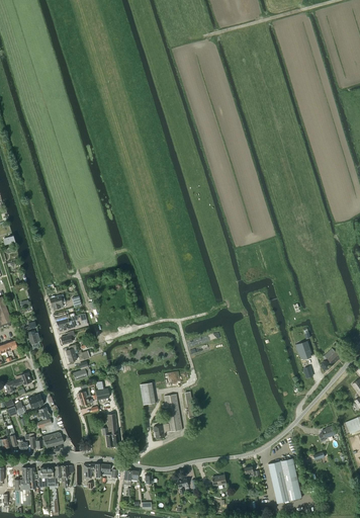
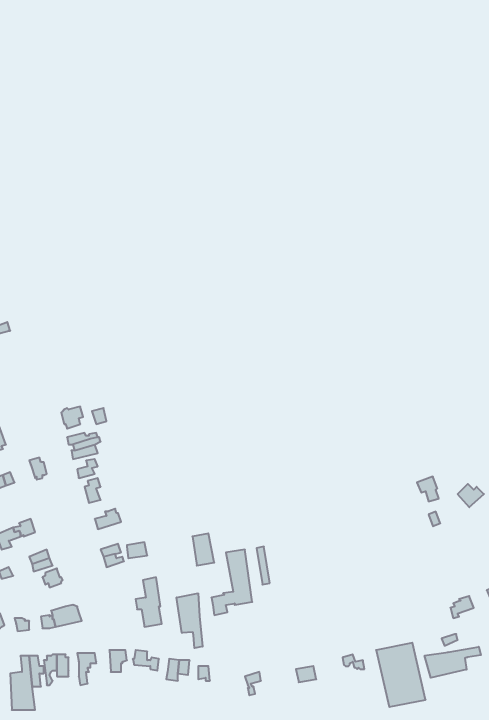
building: none -> [177,593,203,648]
building: none -> [425,647,481,678]

